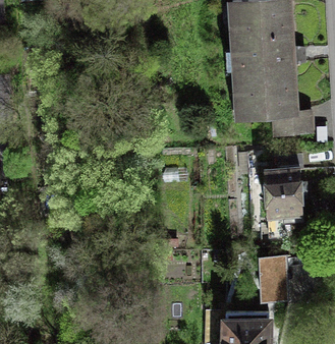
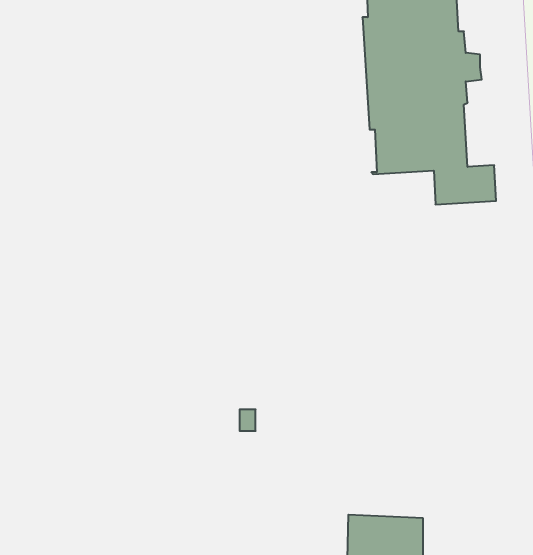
building: [262,156,302,245] -> none
building: [264,255,289,295] -> none

